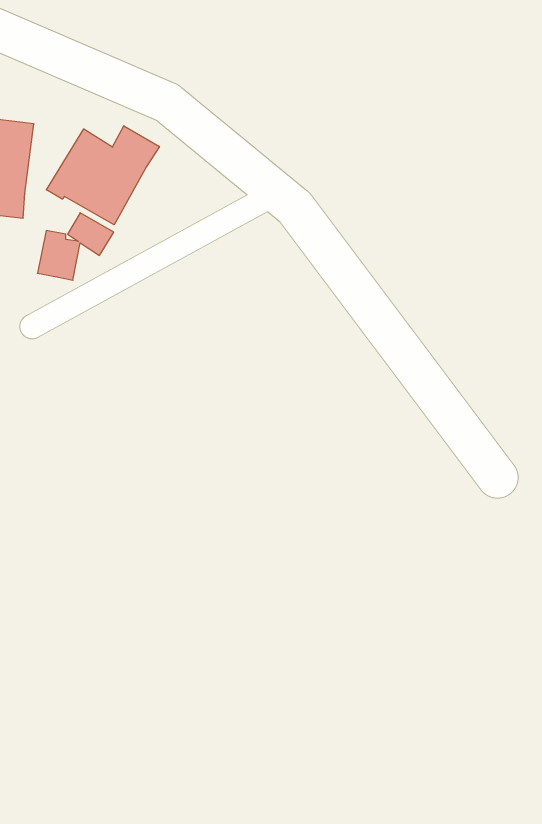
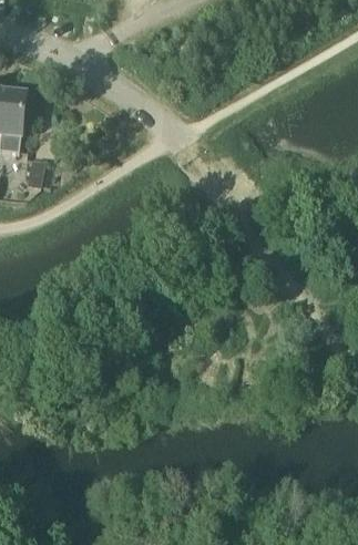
building: [46,126,159,225] -> none

